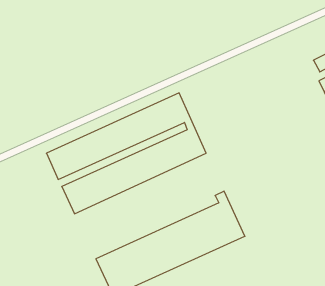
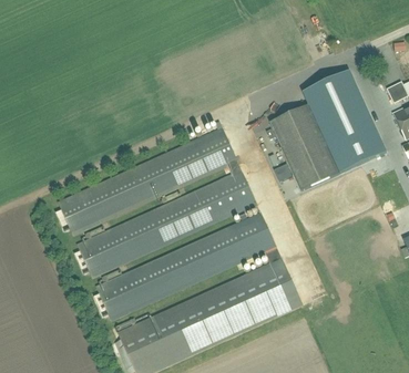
building: none -> [270,71,386,189]
building: none -> [98,213,274,319]

